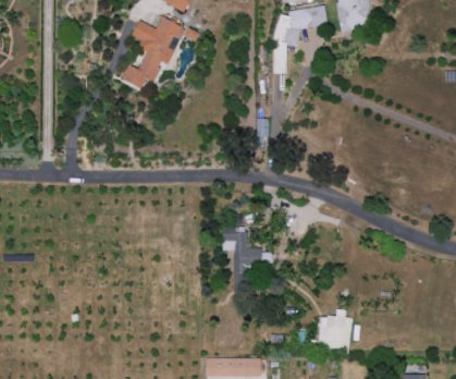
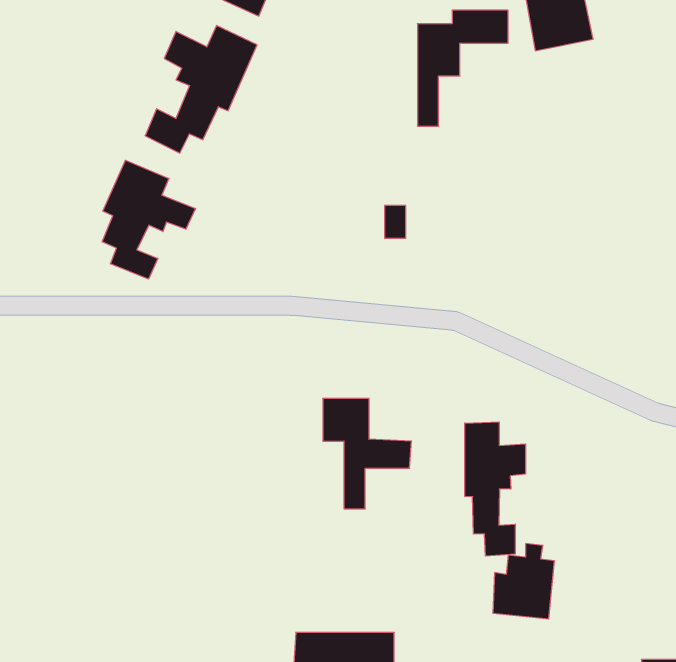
building: none -> [102,160,195,279]
building: none -> [465,422,526,556]

